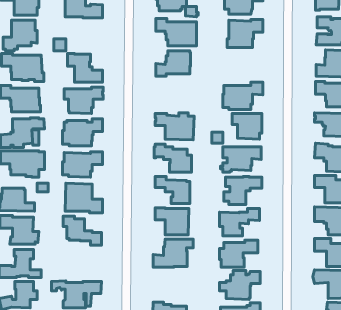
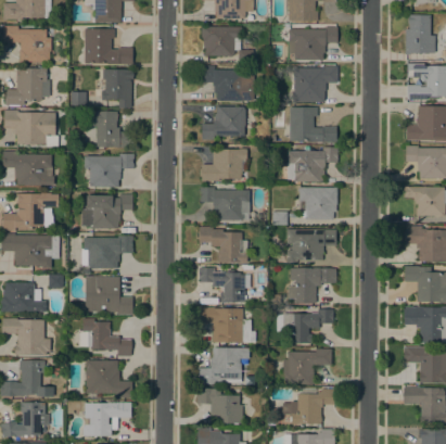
building: none -> [97,68,133,107]
building: none -> [289,106,336,142]
building: none -> [200,148,246,180]
building: none -> [86,359,132,397]
building: none -> [196,389,242,423]

